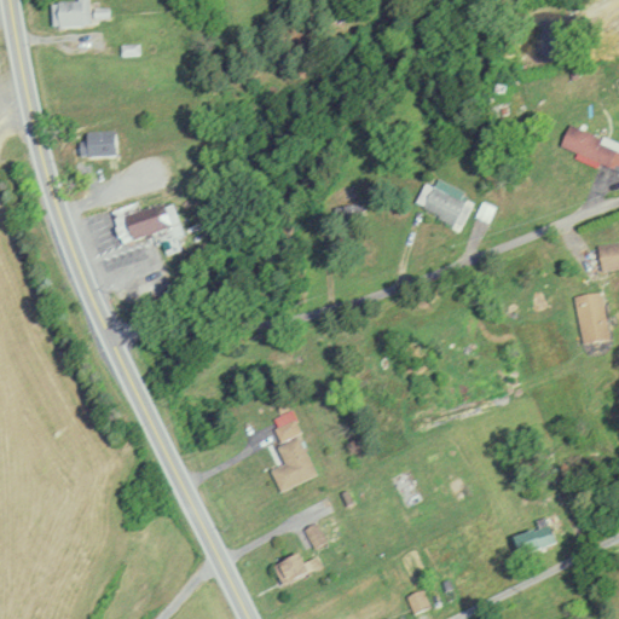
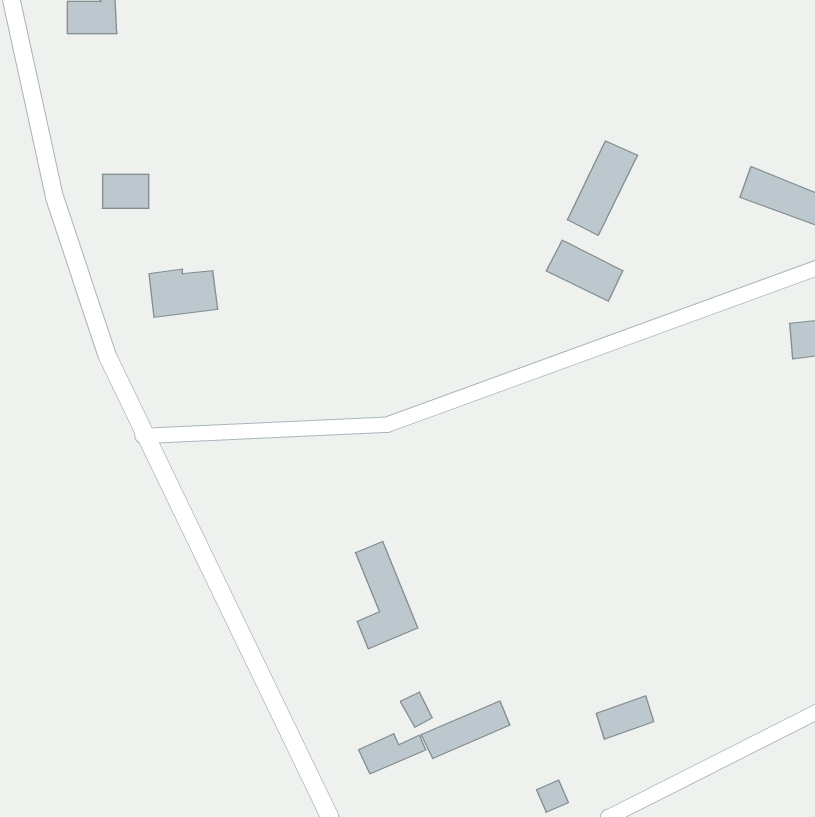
building: none -> [568,141,637,235]
building: [574,291,612,343] -> none
building: [513,523,556,556] -> [596,696,654,739]
building: none -> [421,701,510,759]

